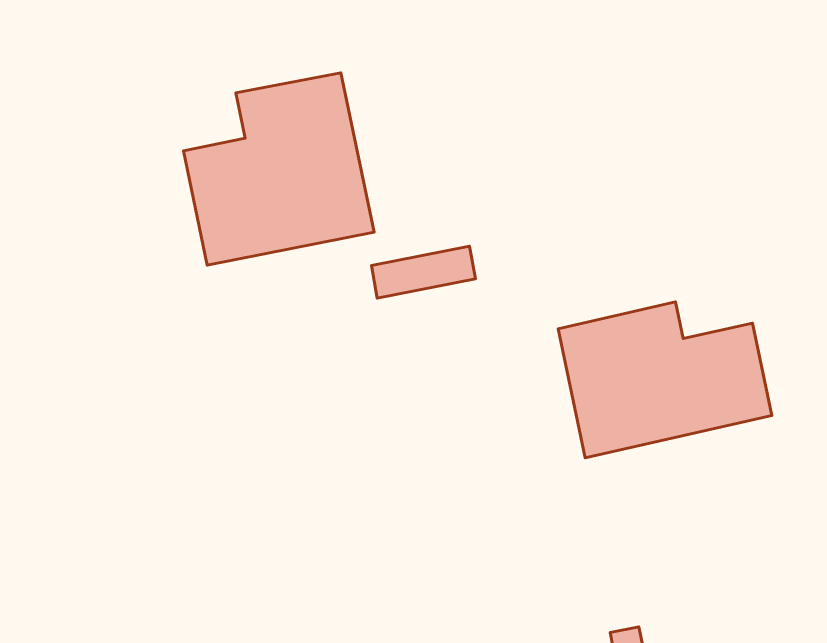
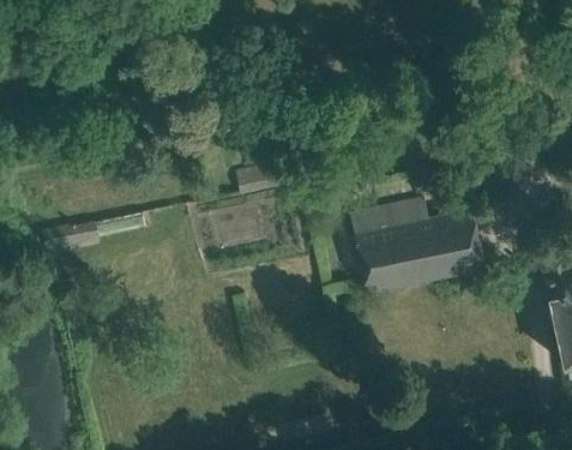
building: [183,73,374,265] -> none

